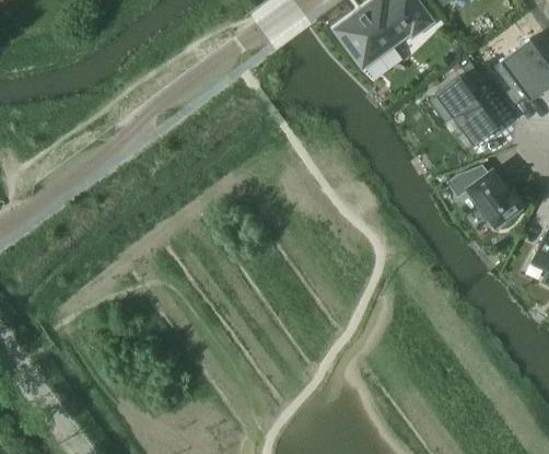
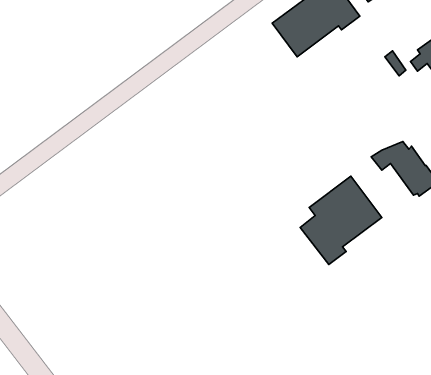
building: [429,75,499,147] -> none
building: none -> [300,176,382,265]

